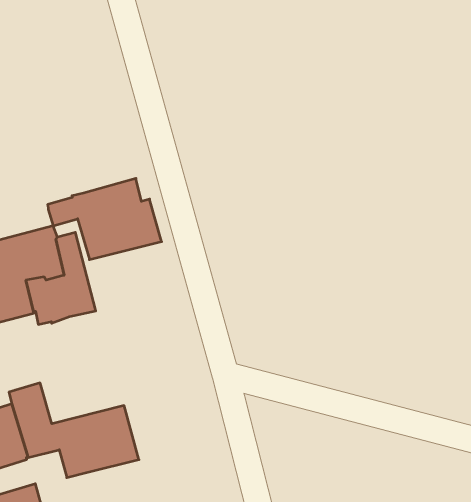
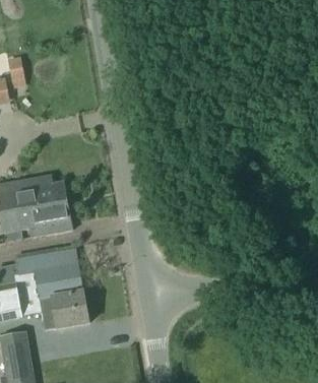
building: [48,178,162,260] -> [15,248,82,295]

